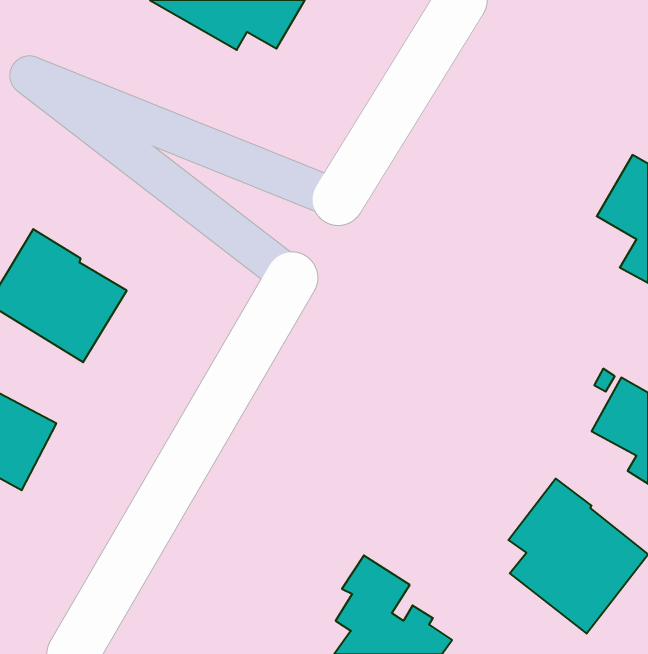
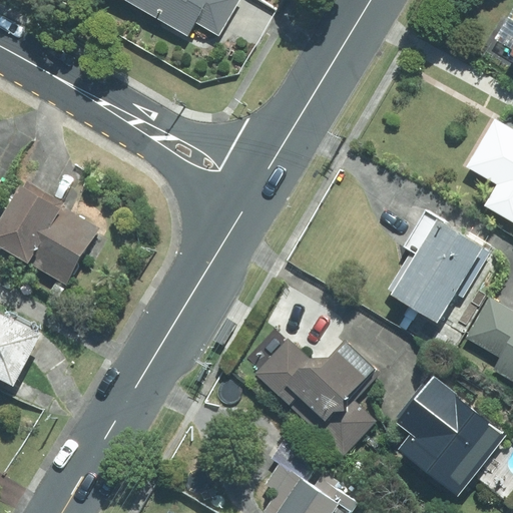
building: none -> [394,211,485,323]
building: none -> [253,337,379,454]

